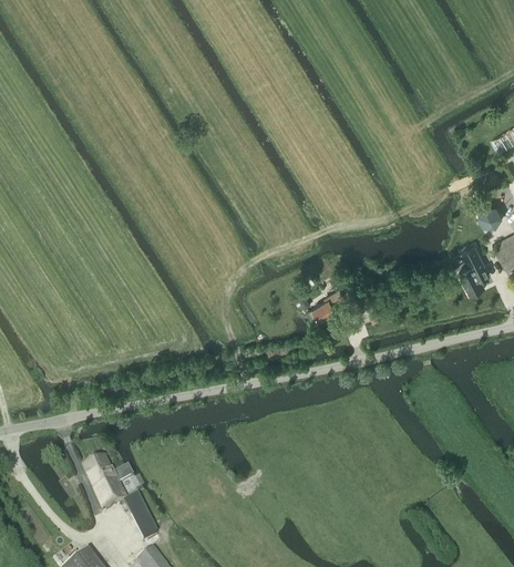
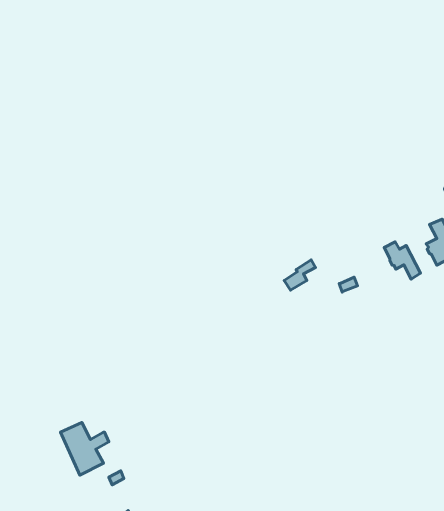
building: none -> [384,242,420,279]

